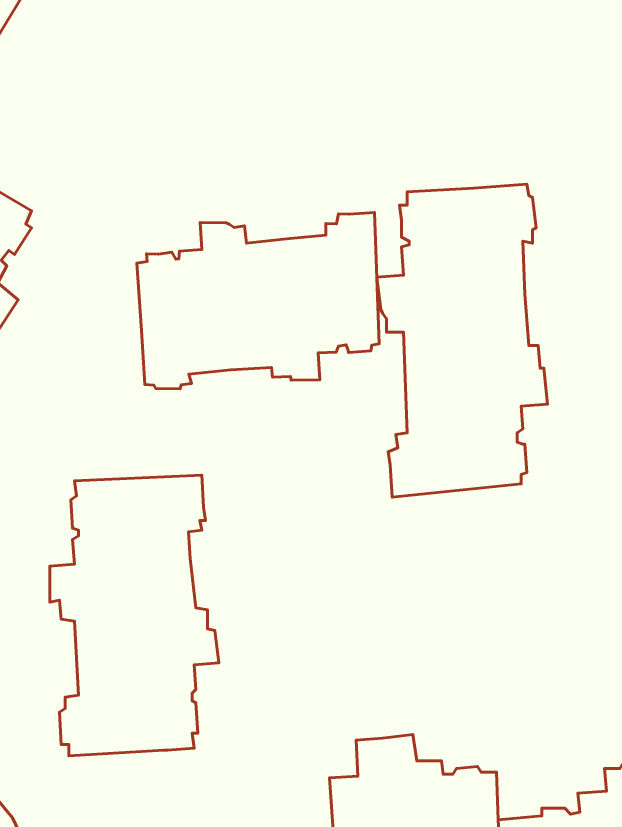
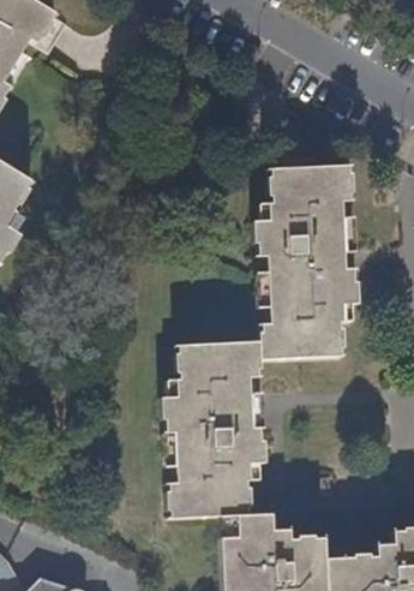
building: [137,212,379,389] -> none
building: [50,475,219,756] -> [162,341,269,519]

